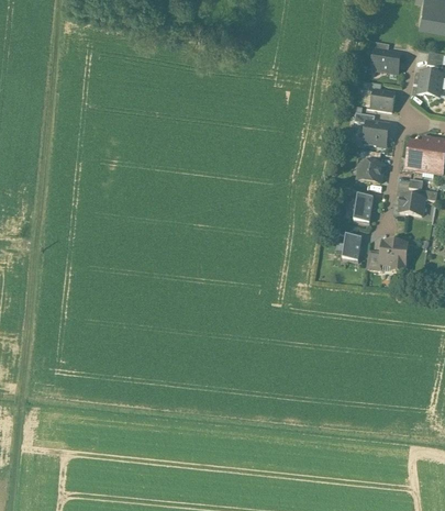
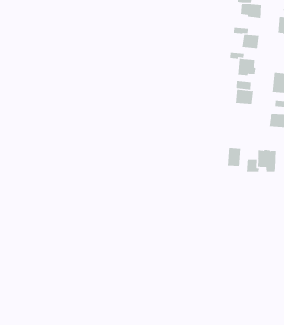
building: [354,195,375,223] -> none

